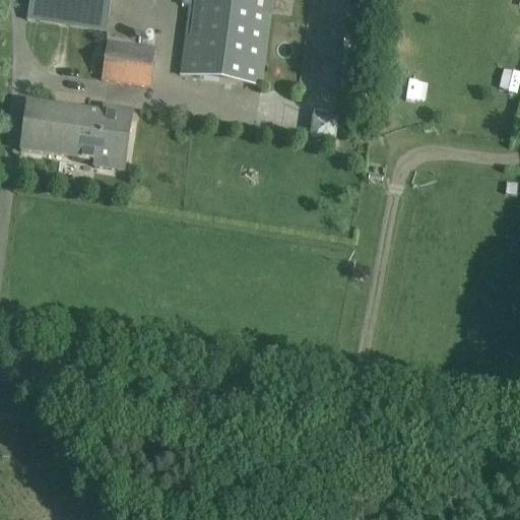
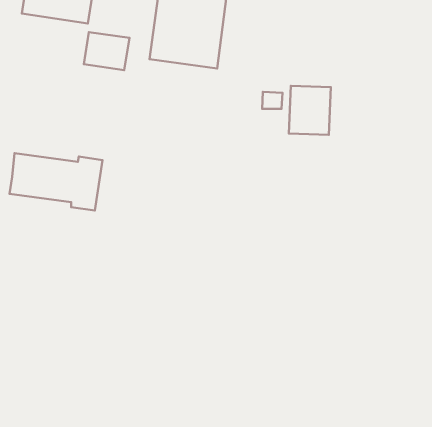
building: [20,99,132,168] -> [9,153,102,211]
building: none -> [289,86,331,135]

